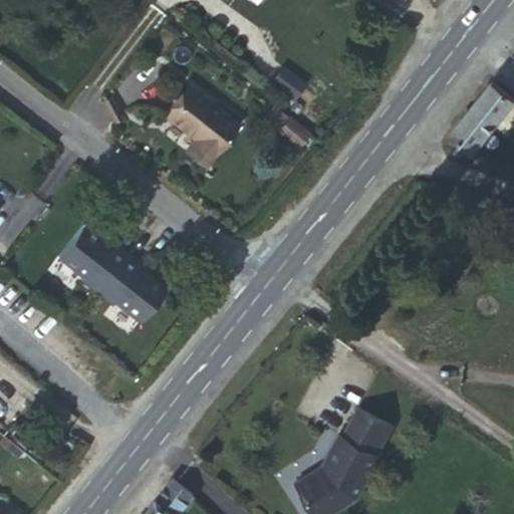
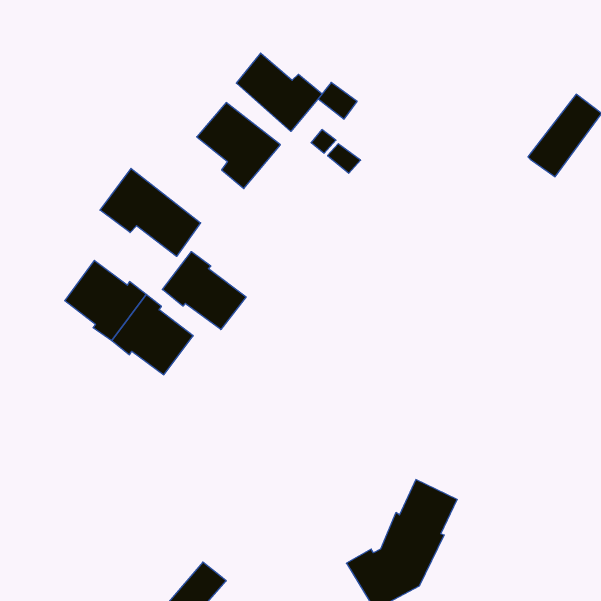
building: none -> [236,53,322,131]
building: none -> [100,168,201,256]
building: none -> [162,252,246,330]

